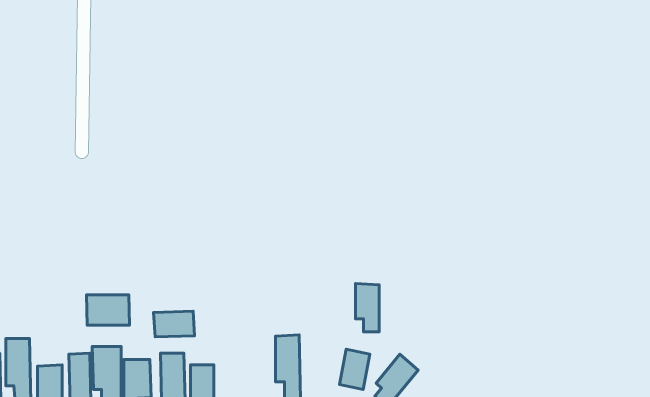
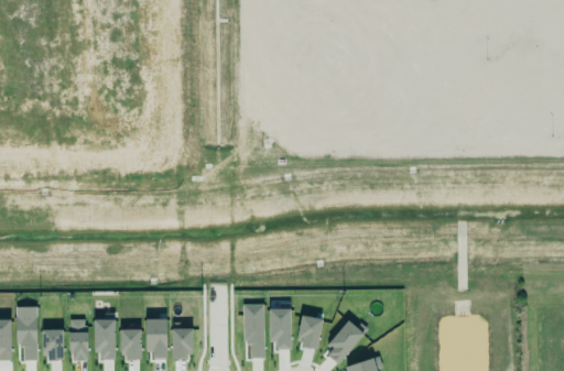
building: [356,283,379,332] -> [271,308,291,349]
building: [87,295,130,325] -> none
building: [153,311,195,337] -> none

